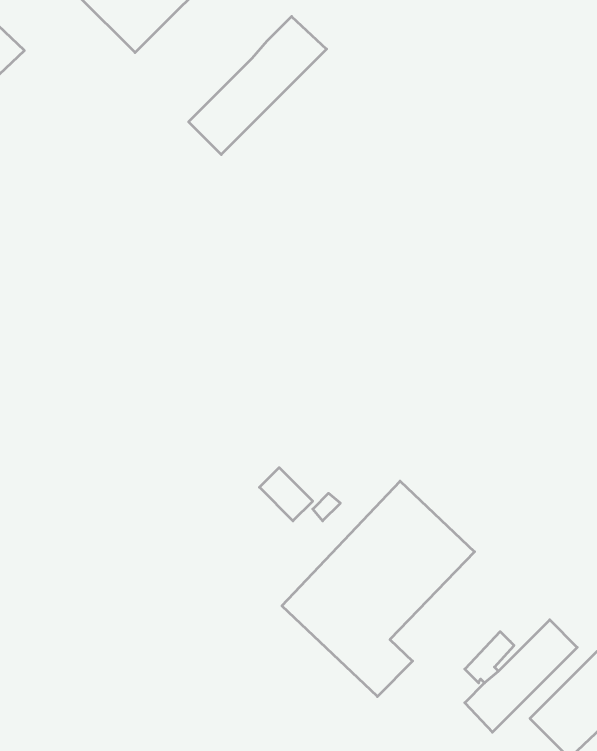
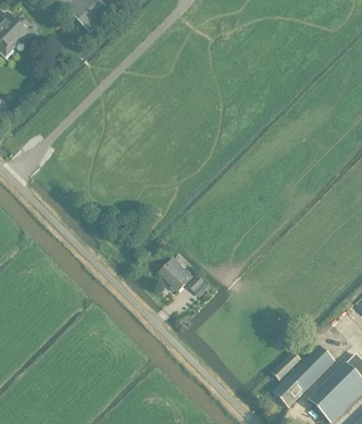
building: [189,16,327,155] -> none
building: [282,481,475,697] -> none

